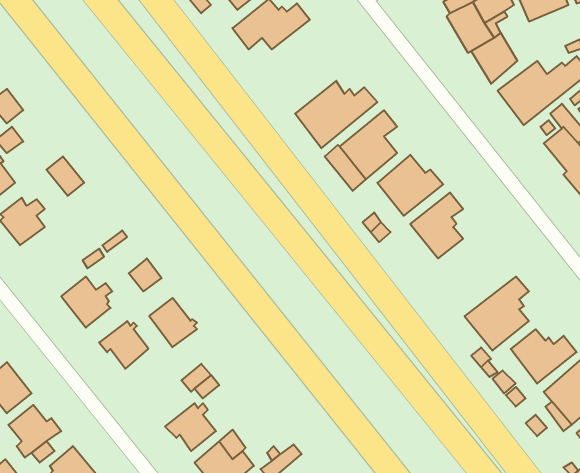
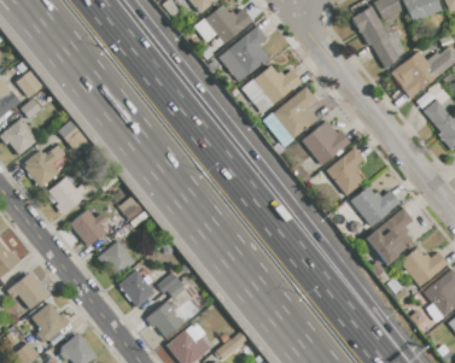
building: none -> [218,27,269,82]
building: none -> [49,177,87,212]
building: none -> [351,187,399,226]
building: [149,298,197,347] -> [119,270,154,306]

